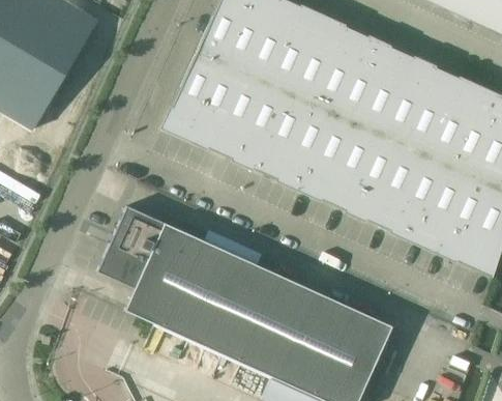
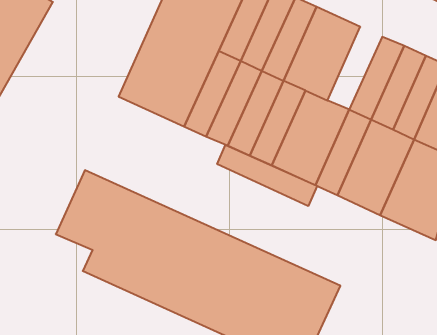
building: [379,56,436,142] -> none
building: none -> [217,145,317,206]

